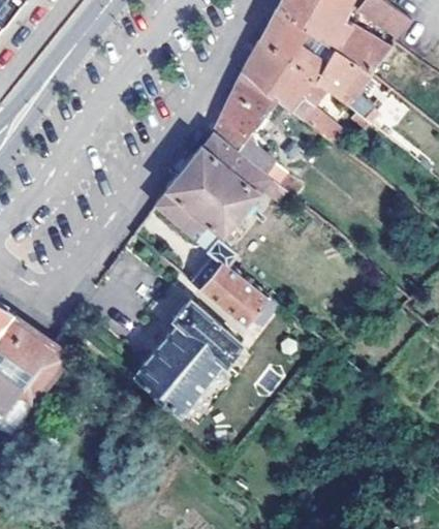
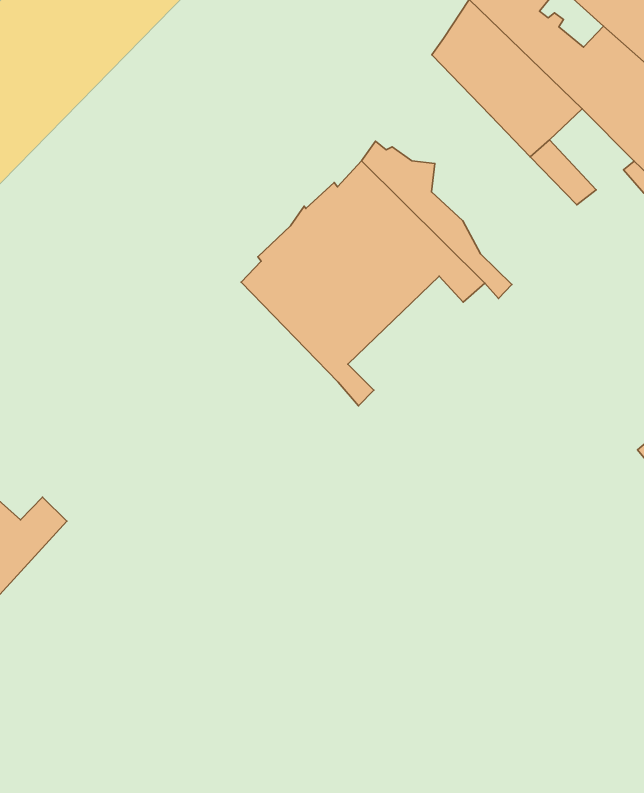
building: [219,70,279,128] -> none
building: [189,251,275,329] -> none
building: [134,299,241,414] -> none

